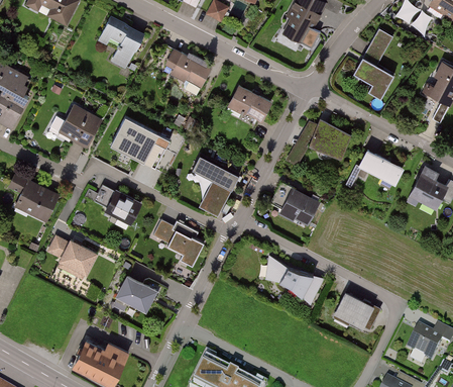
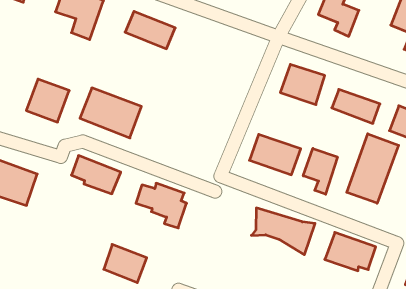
building: [227,84,272,122] -> none
building: [191,155,239,217] -> none
building: none -> [347,134,399,203]
building: none -> [303,148,337,194]
building: [46,236,96,280] -> none

